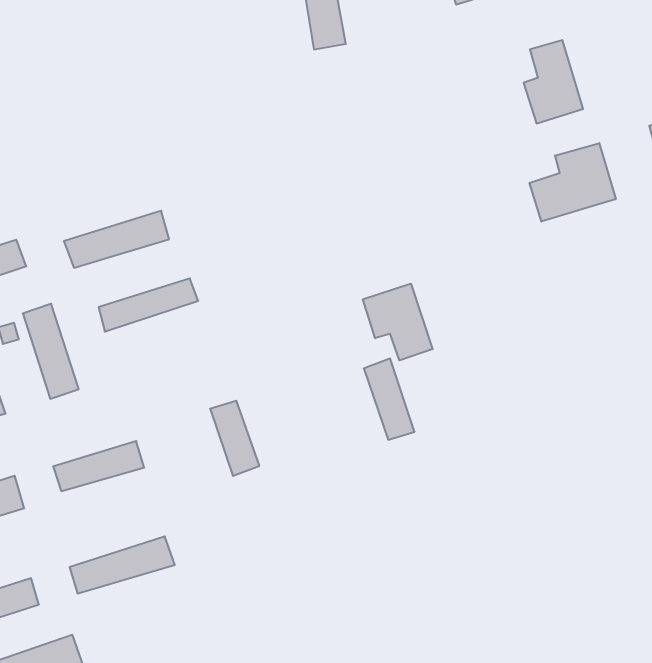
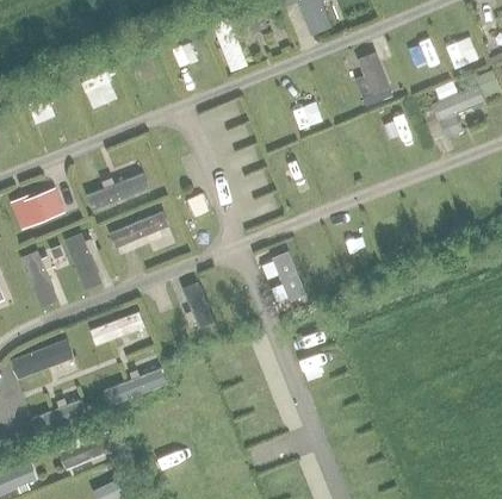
building: [530,143,616,222] -> none
building: [363,284,433,360] -> none

